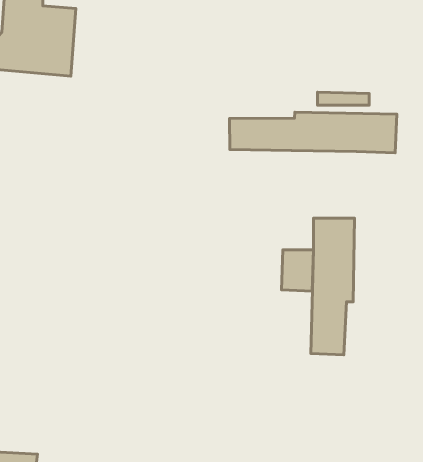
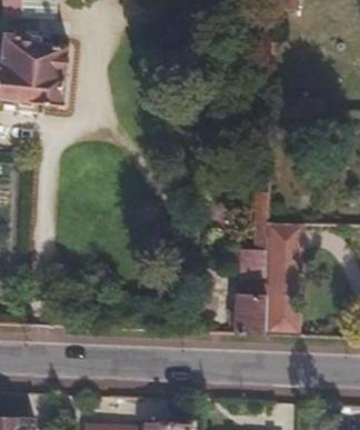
building: [230,112,397,153] -> none
building: none -> [234,282,263,336]

